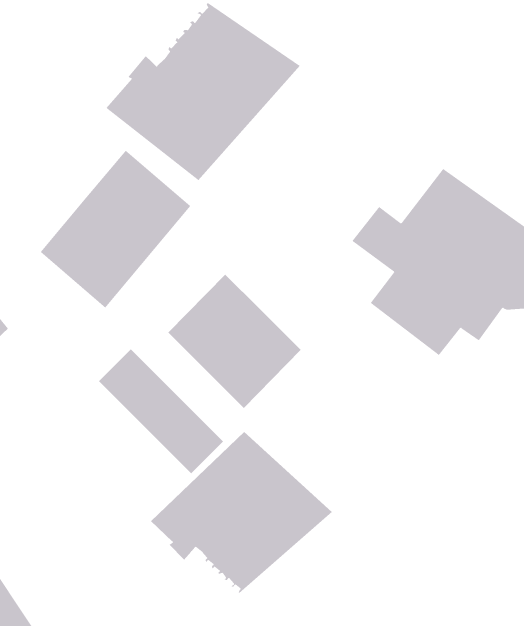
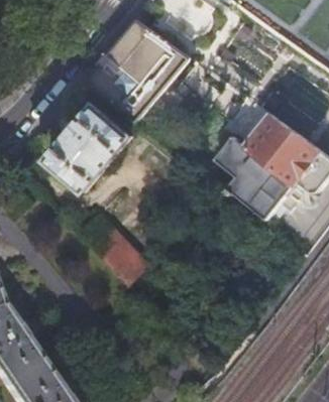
building: [168,274,301,409] -> none
building: [150,431,333,594] -> none

